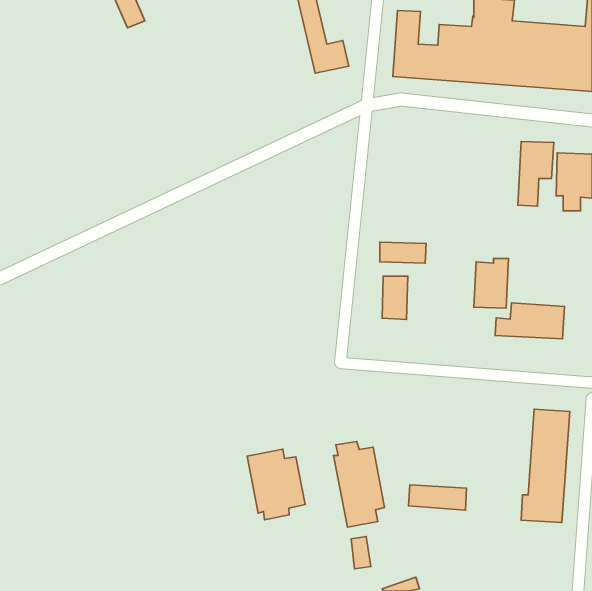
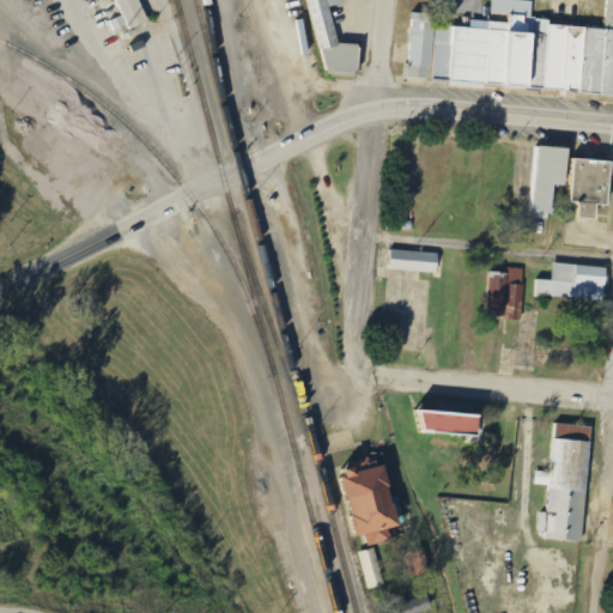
building: [382,276,408,319] -> none
building: [495,303,565,339] -> [534,262,606,299]
building: [247,449,305,520] -> none
building: [409,485,467,510] -> [419,408,479,435]

